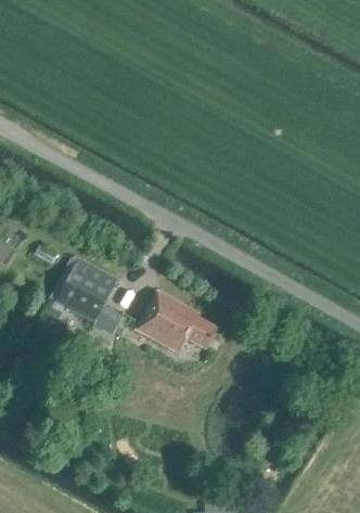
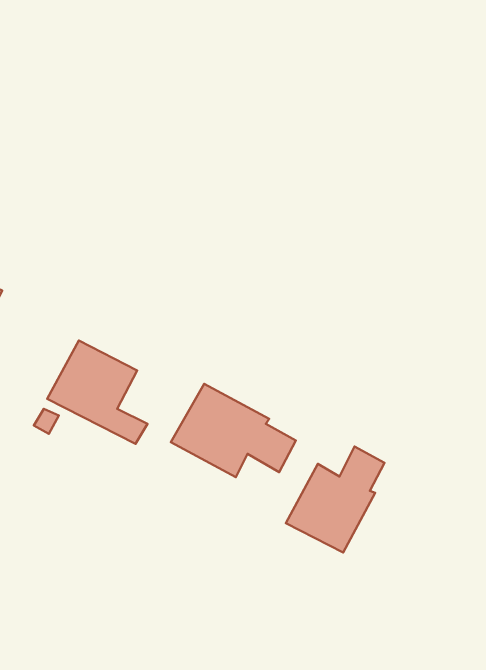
building: none -> [286,446,384,552]

